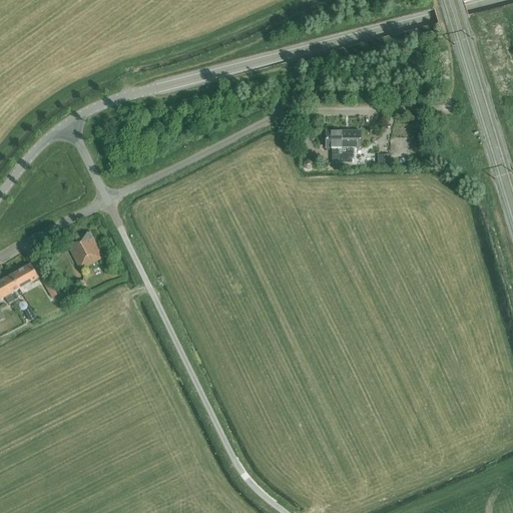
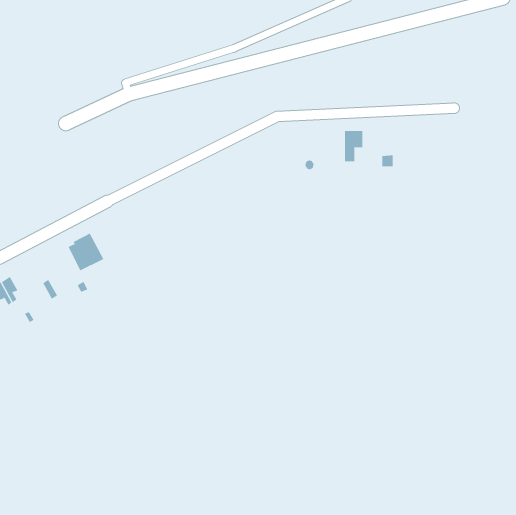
building: [326,129,341,160] -> none
building: [10,263,37,288] -> none

